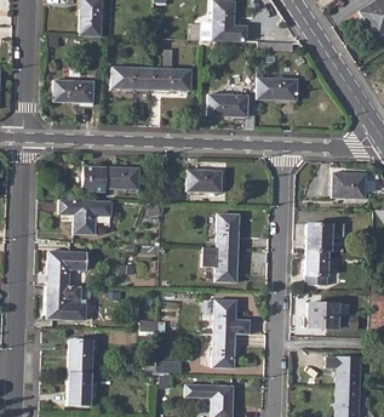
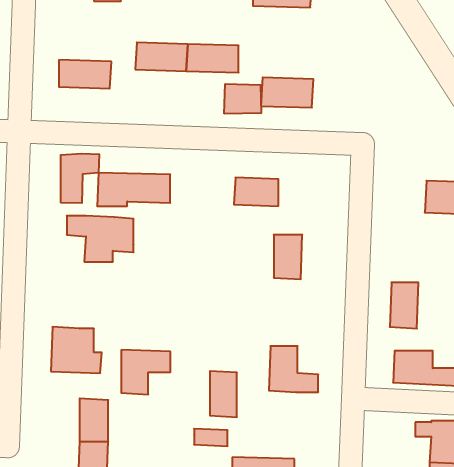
building: [256,78,296,99] -> none
building: none -> [224,84,261,114]
building: none -> [61,154,99,203]
building: [306,223,344,251] -> none
building: [216,246,237,281] -> none
building: [48,251,86,285] -> [121,350,170,394]
building: [213,332,234,367] -> [210,371,237,417]

